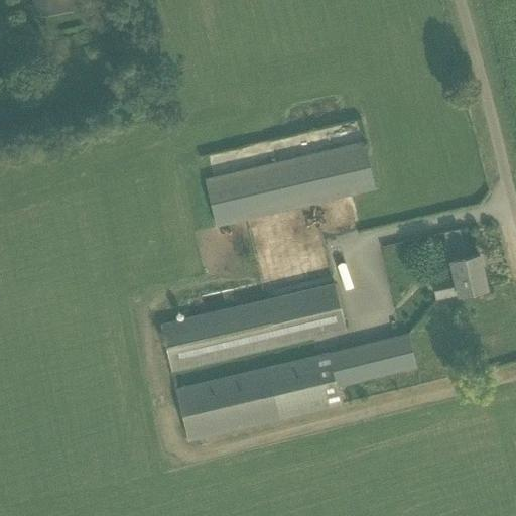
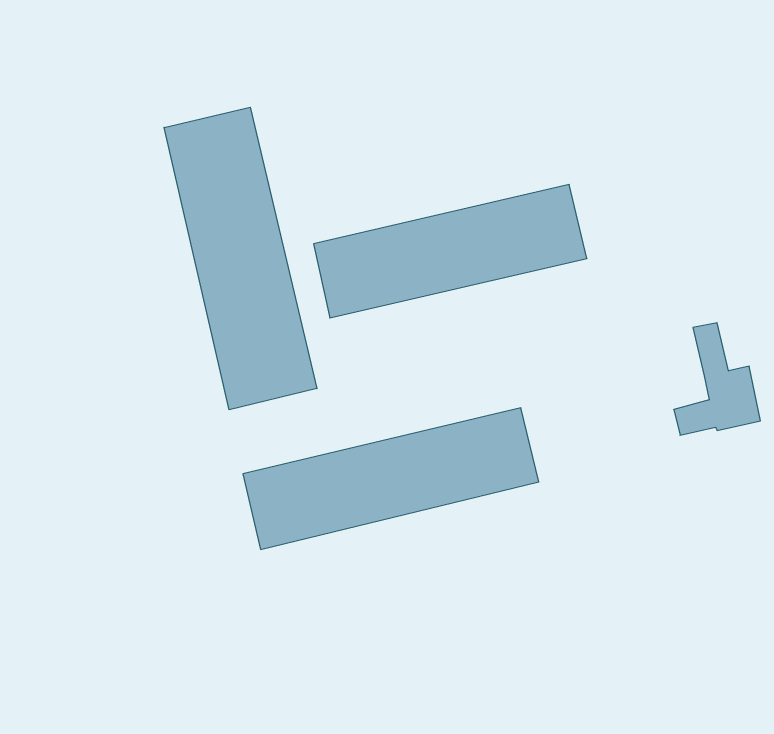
building: none -> [164,107,317,410]
building: [175,334,414,441] -> none

